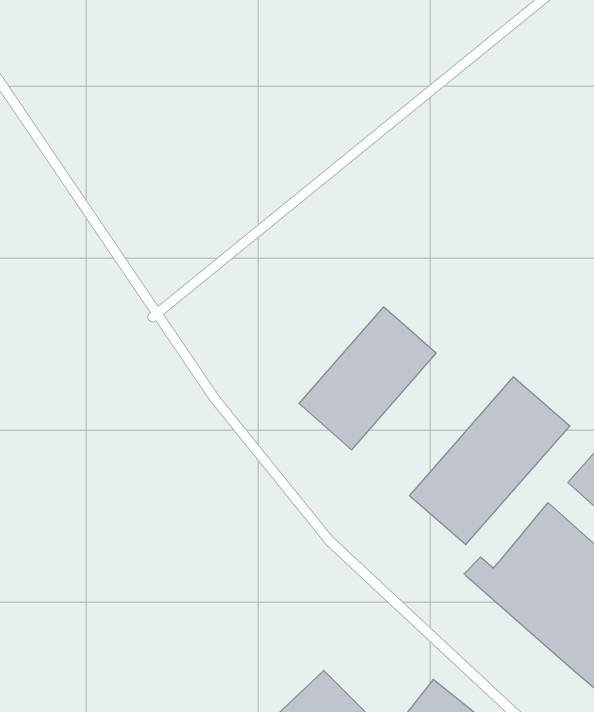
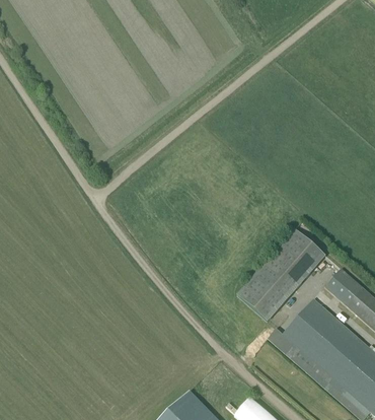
building: [299,307,436,450] -> none

